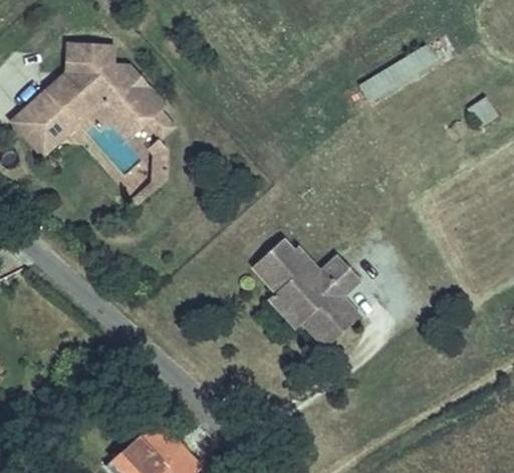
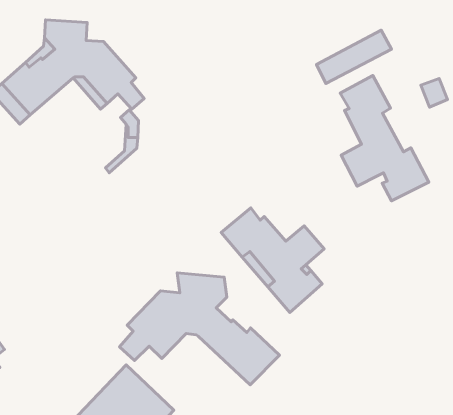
building: none -> [340,75,429,201]
building: none -> [119,273,279,385]

